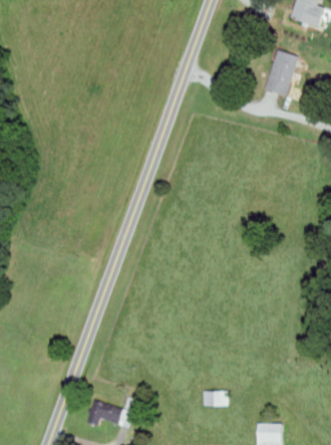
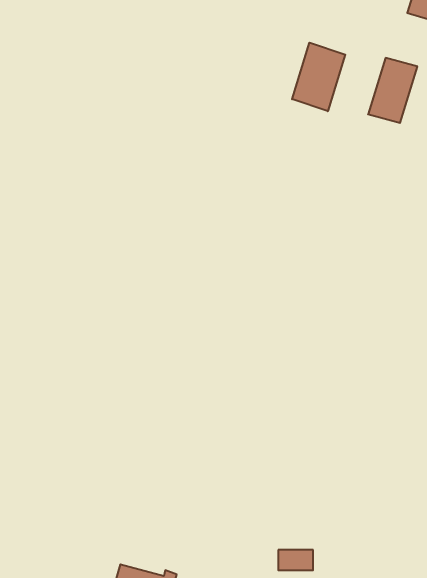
building: none -> [292,43,345,111]

